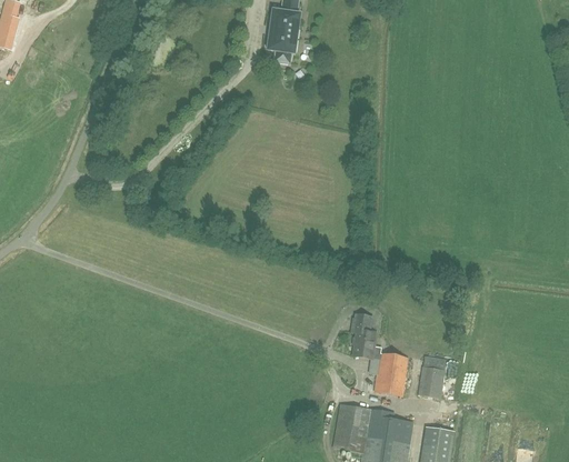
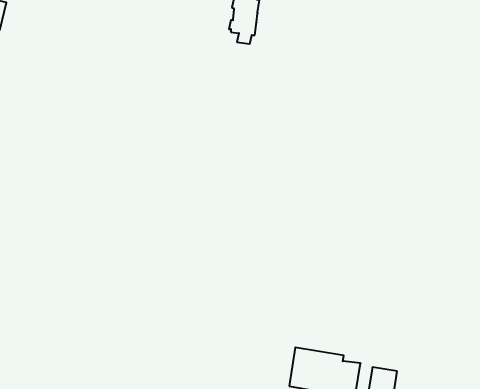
building: [352,313,409,395] -> none
building: [418,365,446,398] -> none

